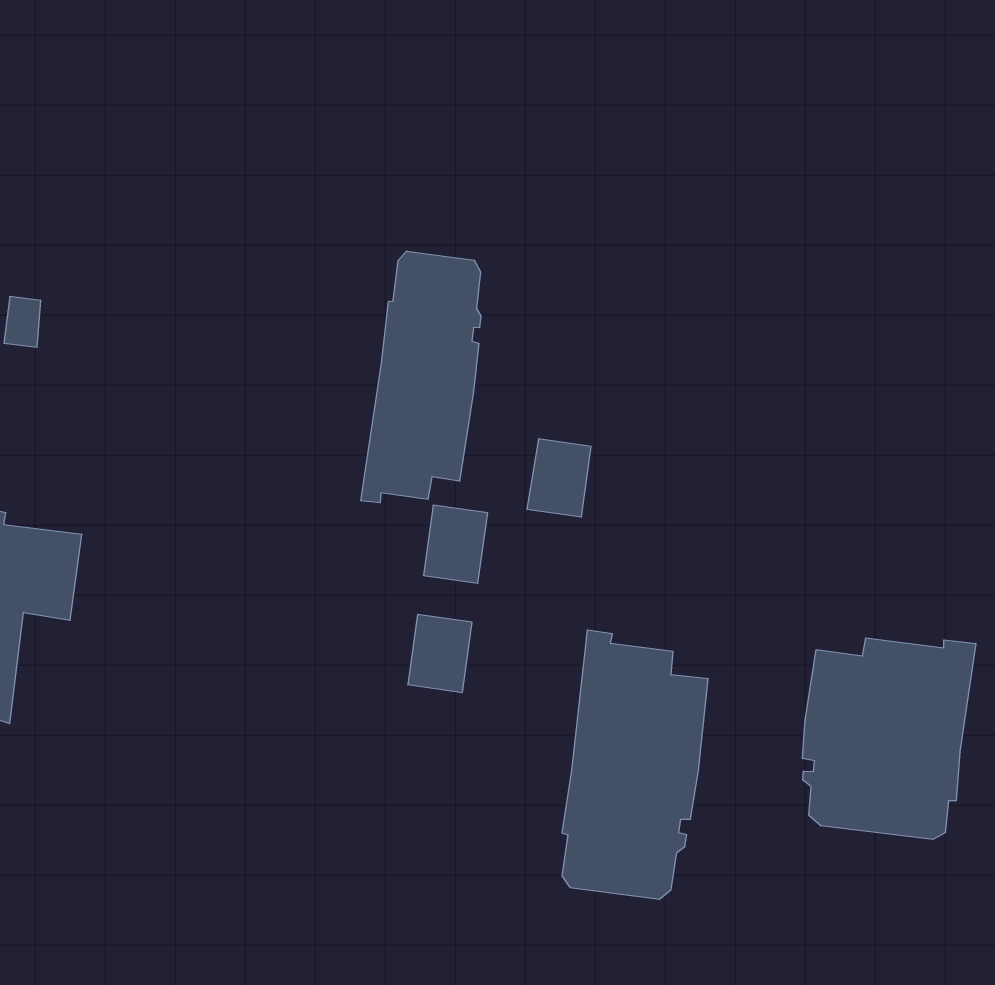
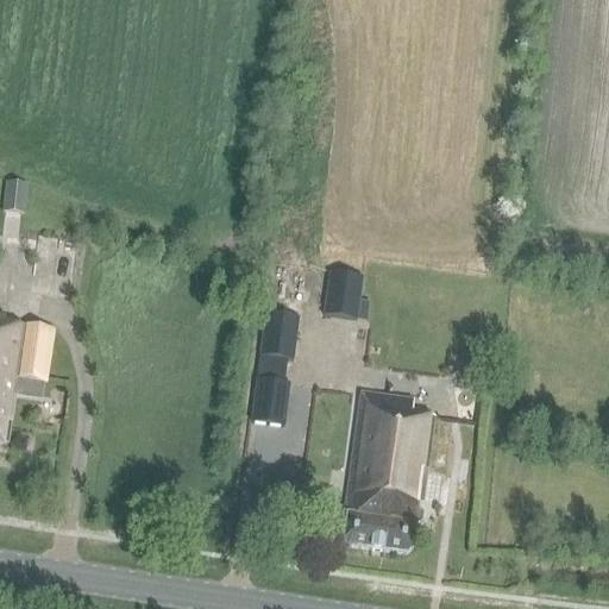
building: [361,251,481,503] -> none
building: [803,638,976,839] -> none

